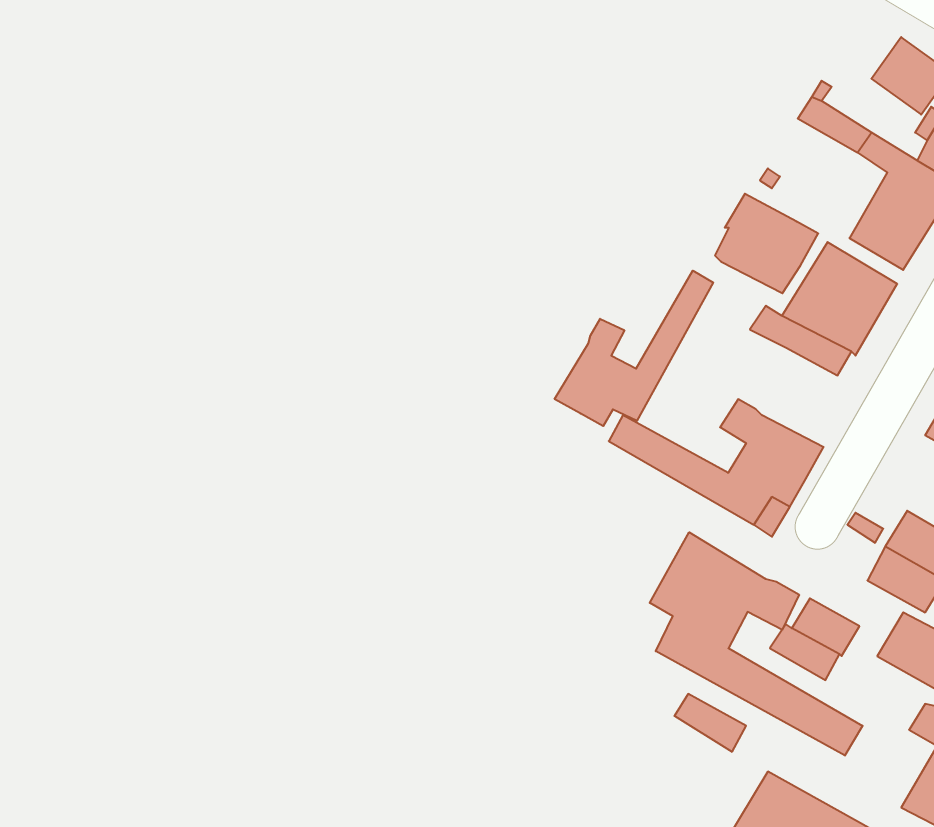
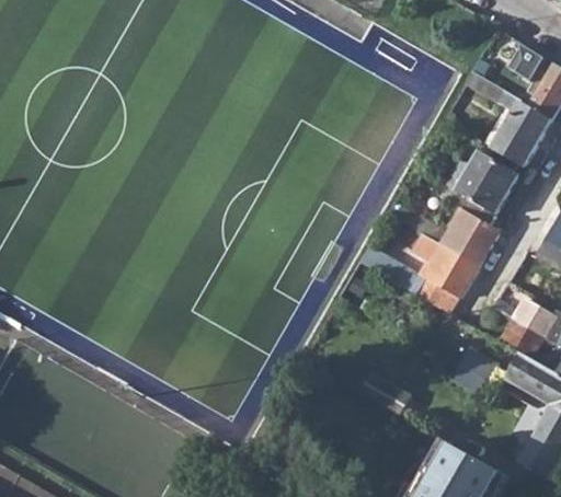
building: [715,194,818,293] -> [439,209,496,264]
building: [555,271,713,426] -> none
building: [650,532,863,756] -> none

